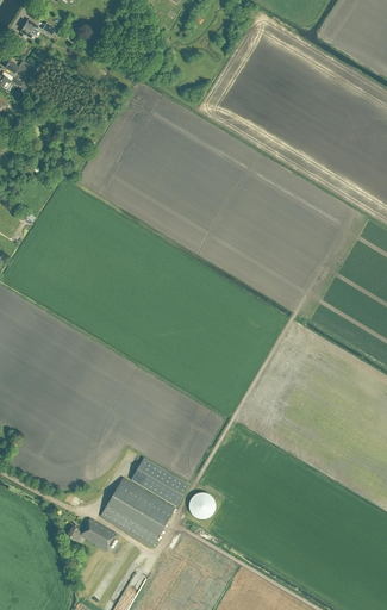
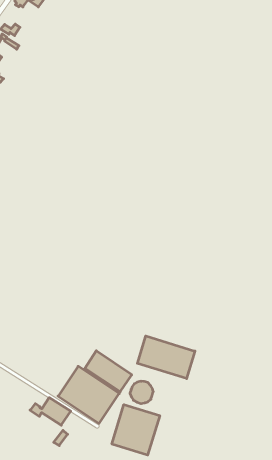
building: none -> [137,336,195,379]
building: none -> [112,405,160,455]

